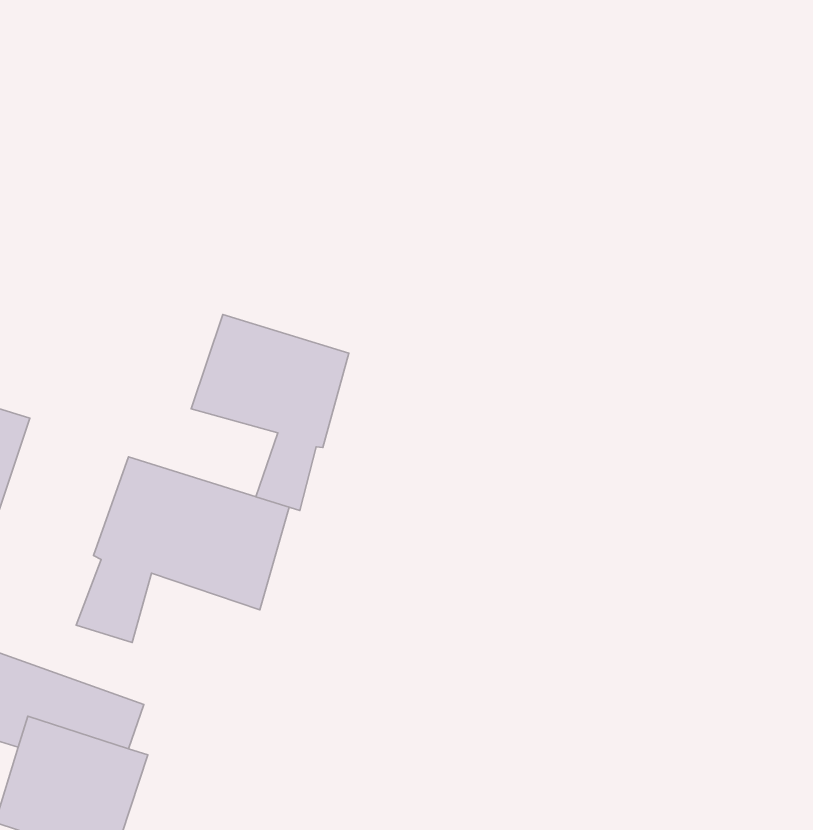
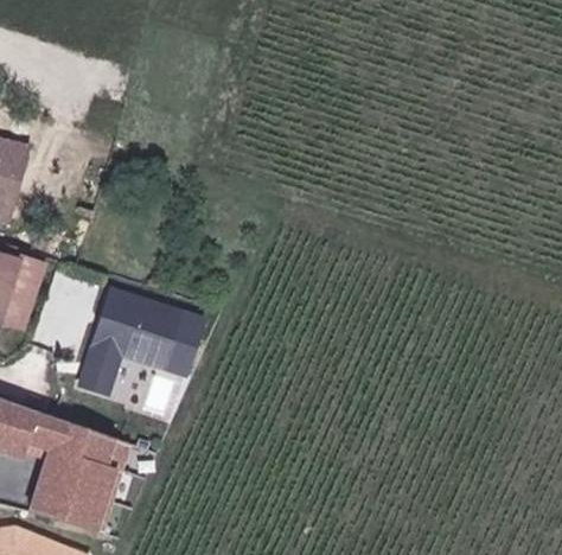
building: [191,314,349,511] -> none

